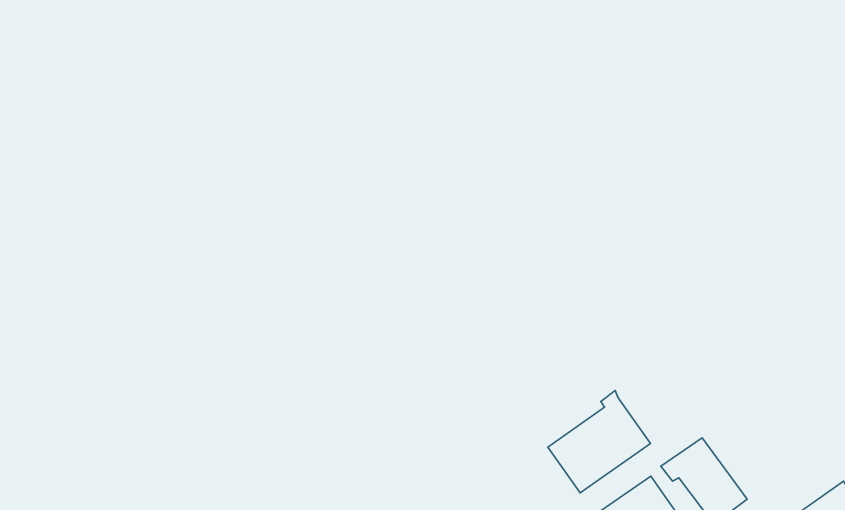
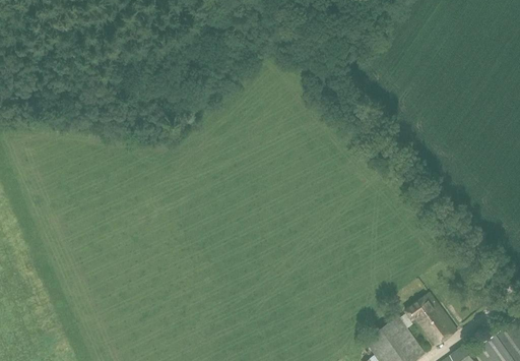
building: [548,391,650,493] -> none

